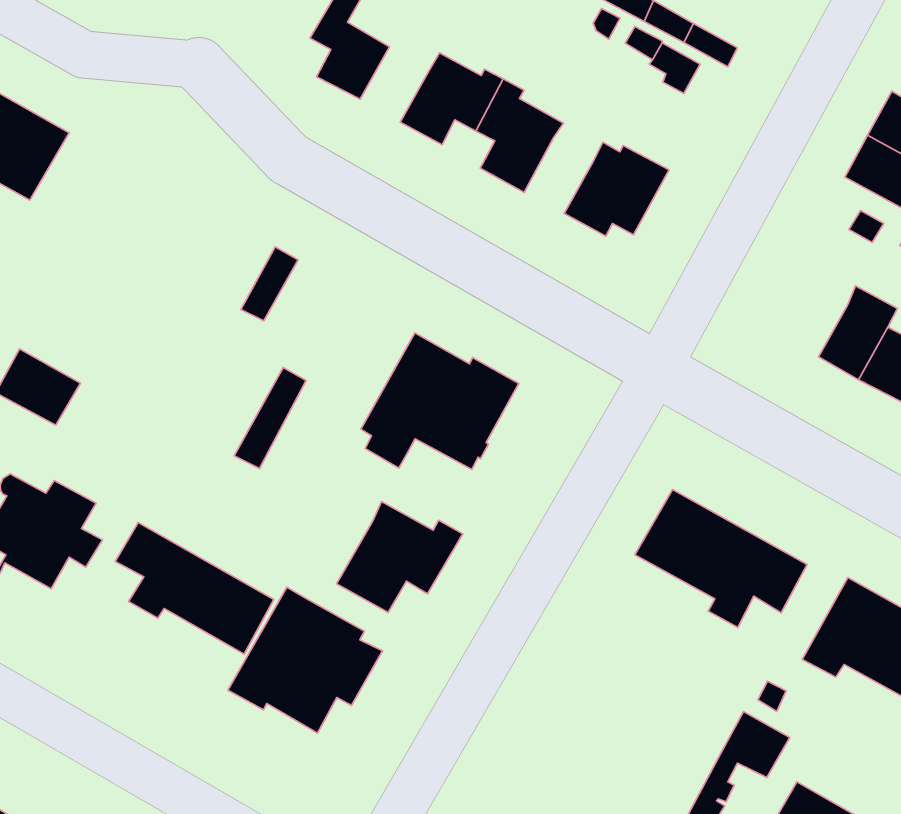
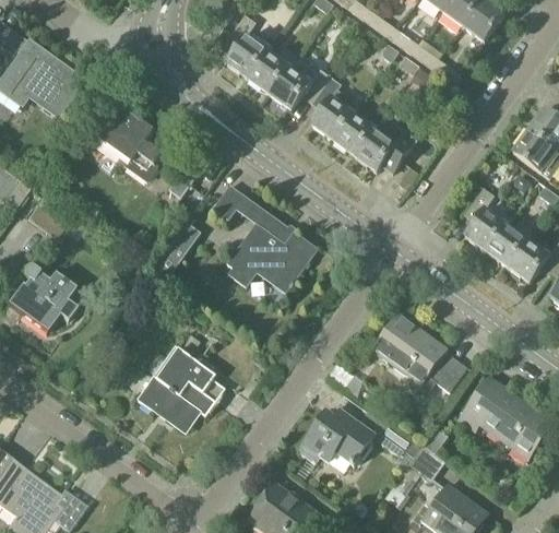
building: none -> [248,51,288,94]
building: none -> [333,112,373,155]
building: none -> [96,104,160,181]
building: none -> [463,187,506,251]
building: none -> [212,183,246,218]
building: [337,502,463,613] -> none
building: [115,523,274,654] -> none
building: none -> [300,411,411,464]

